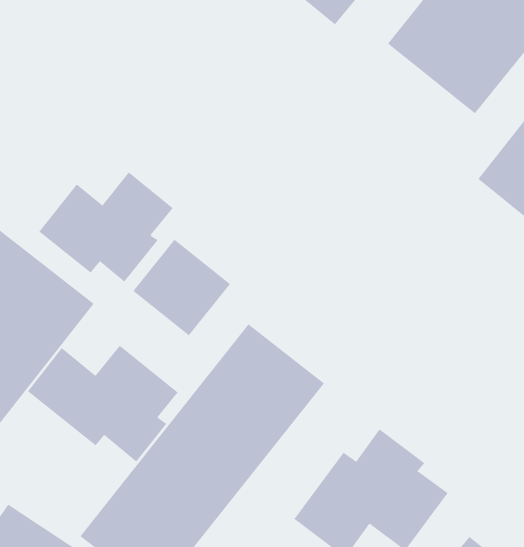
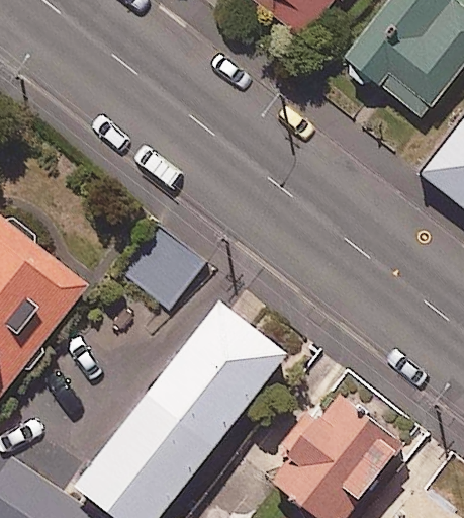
building: [39,172,173,283] -> none
building: [27,345,179,462] -> none

